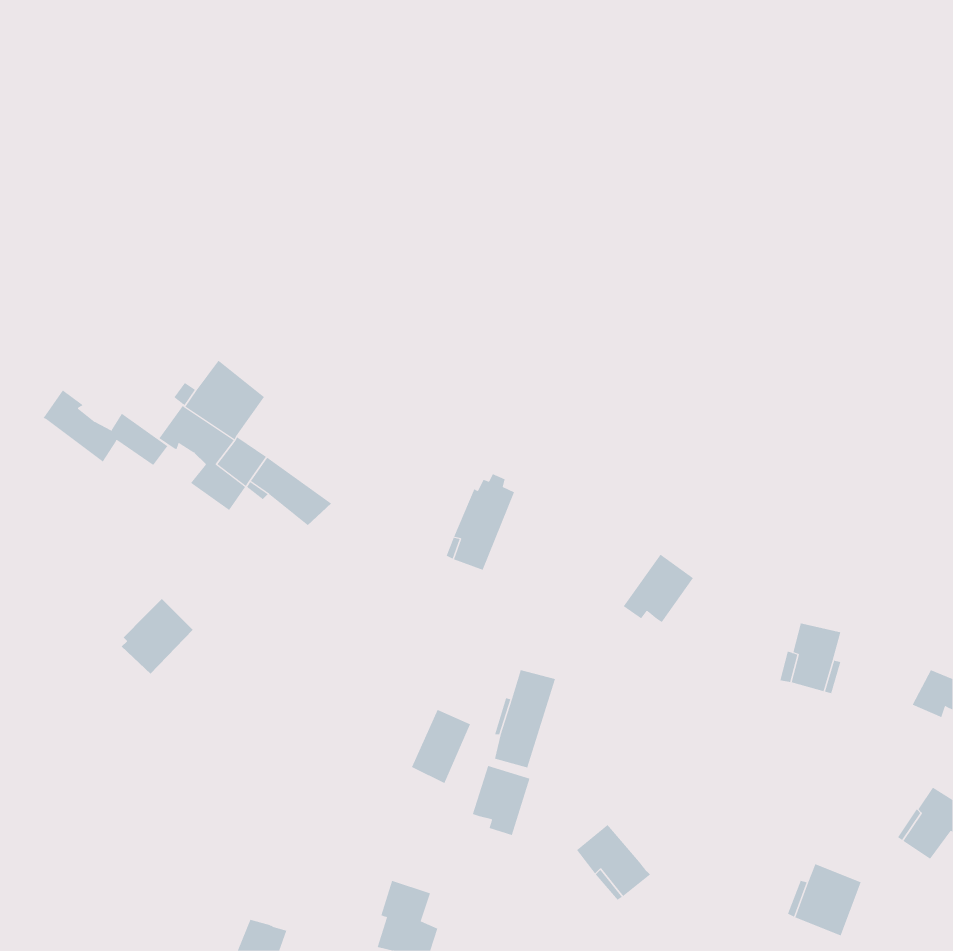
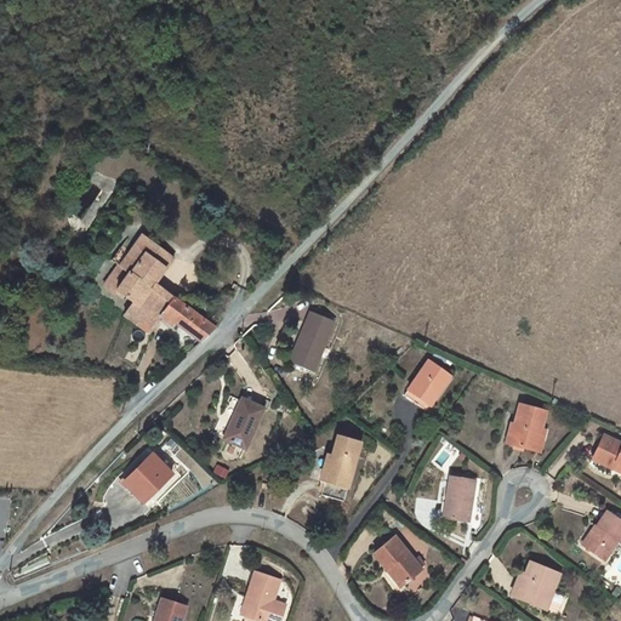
building: [43,389,168,466] -> none
building: [121,598,194,675] -> [125,452,172,502]
building: [411,709,471,784] -> [226,399,264,448]
building: none -> [444,477,477,522]
building: [472,765,530,836] -> none

